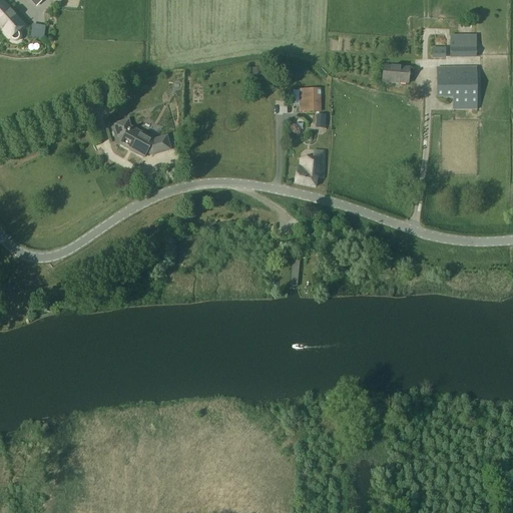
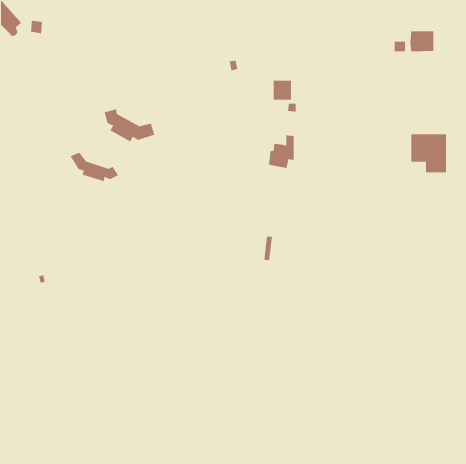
building: [382,64,410,82] -> none
building: [437,65,477,108] -> [410,134,447,173]
building: none -> [70,152,119,182]

